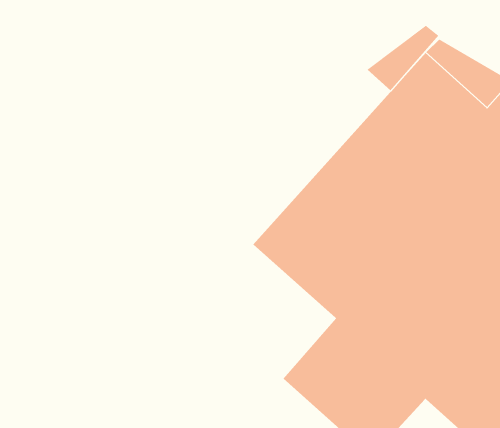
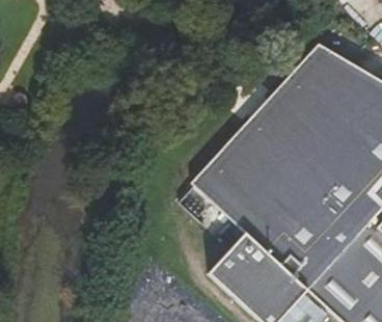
building: [366,25,439,91] -> none

